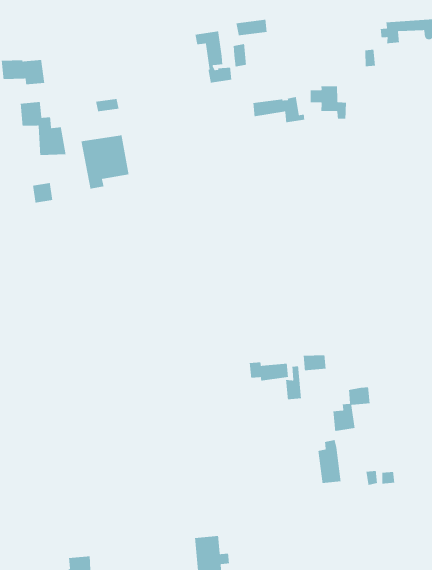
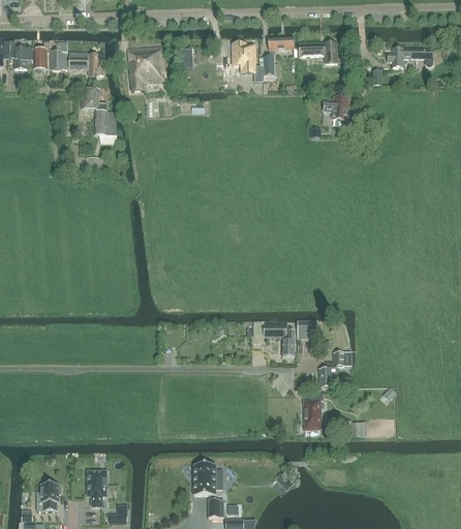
building: [253,96,305,123] -> [299,41,341,63]
building: [81,134,130,189] -> [127,45,165,89]

